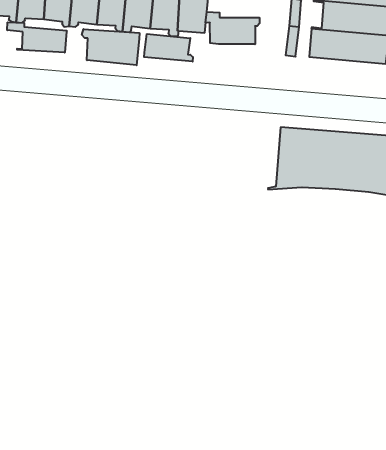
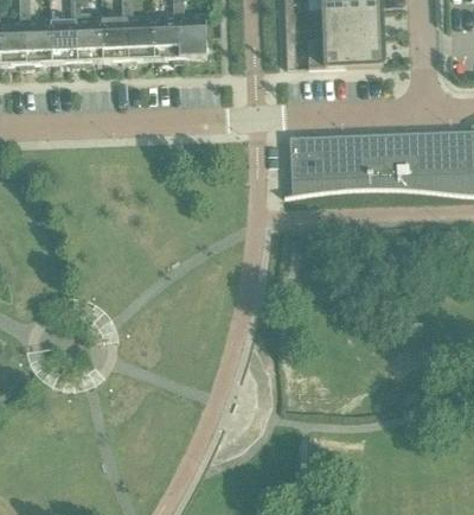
building: [206,12,259,44] -> none
building: [7,22,67,53] -> none
building: [82,29,139,65] -> none
building: [144,34,193,62] -> none

